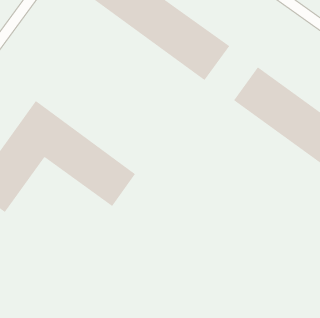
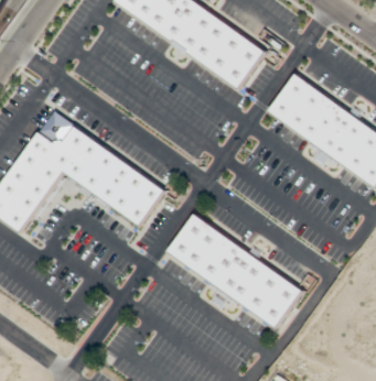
building: none -> [168,214,301,328]

